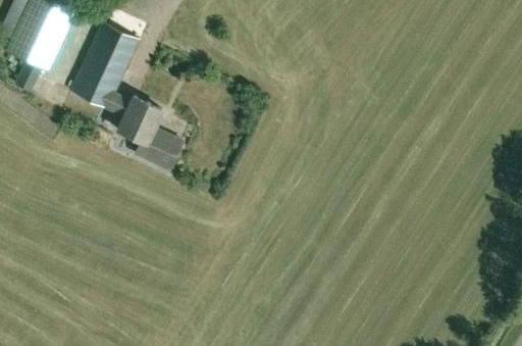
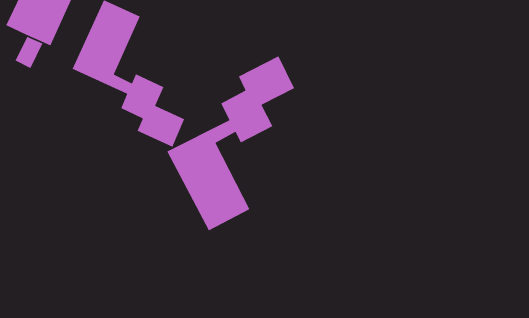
building: none -> [166,55,295,232]

